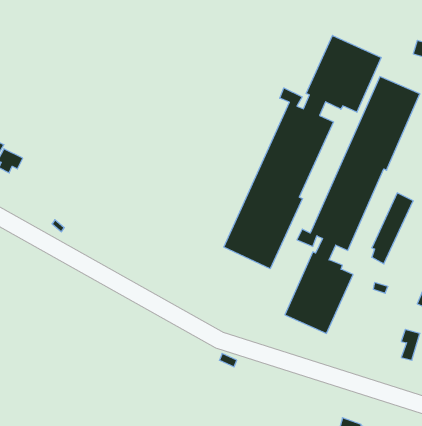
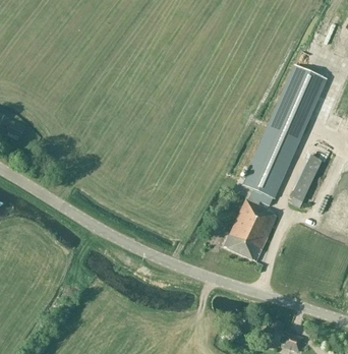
building: [224,35,381,269] -> none

